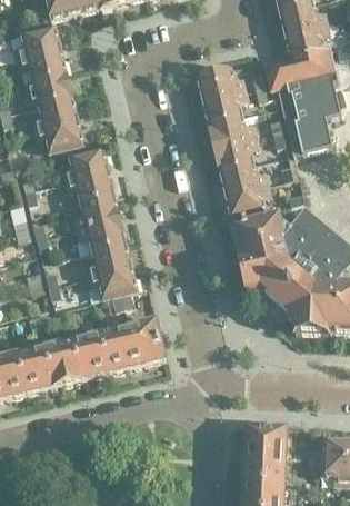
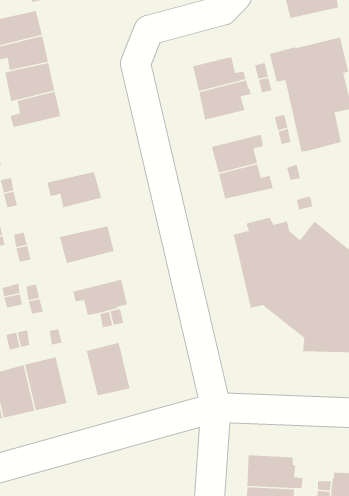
building: [283,22,331,58] -> none
building: [207,115,258,147] -> none
building: [34,120,84,152] -> none
building: [61,146,108,179] -> none
building: [224,185,272,219] -> none
building: [73,194,120,228] -> none
building: [84,241,132,277] -> none
building: [130,318,166,365] -> none
building: [73,330,110,378] -> none

